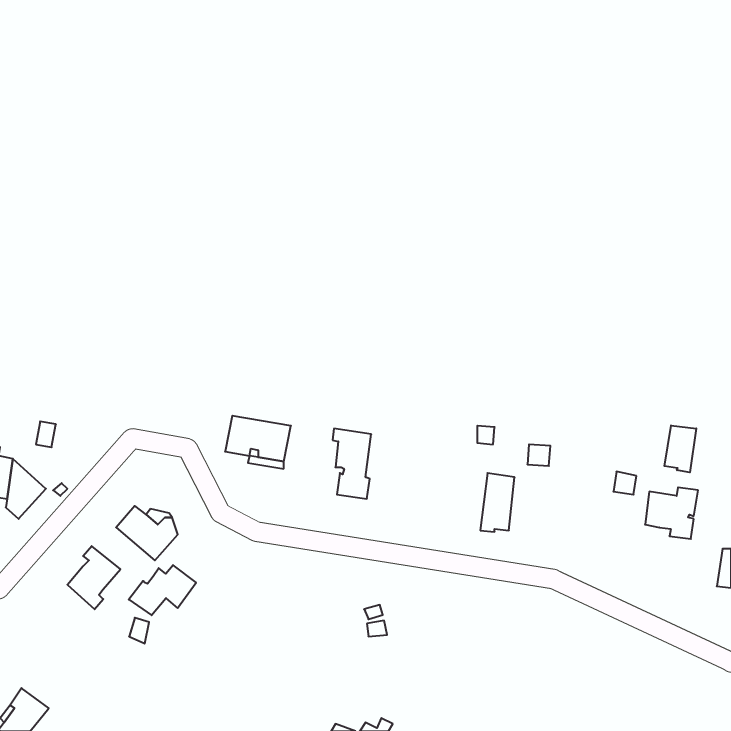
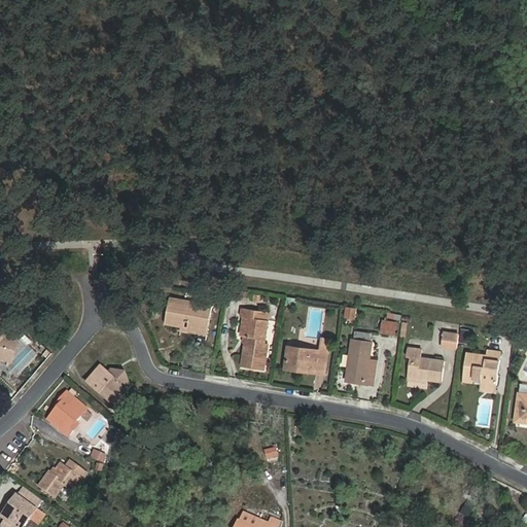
building: [664,425,696,472] -> none
building: none -> [286,339,327,373]
building: none -> [407,348,444,381]
building: [129,565,196,615] -> [36,459,84,495]

